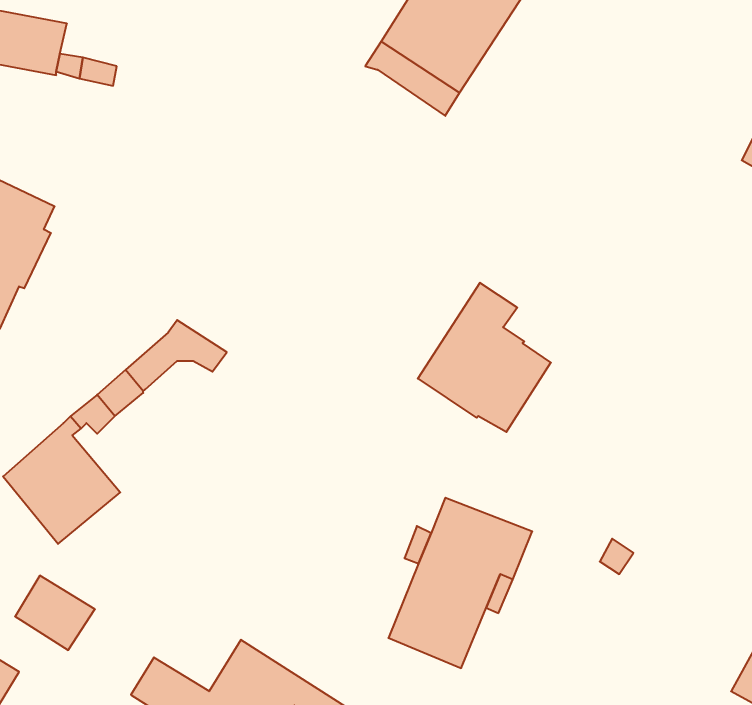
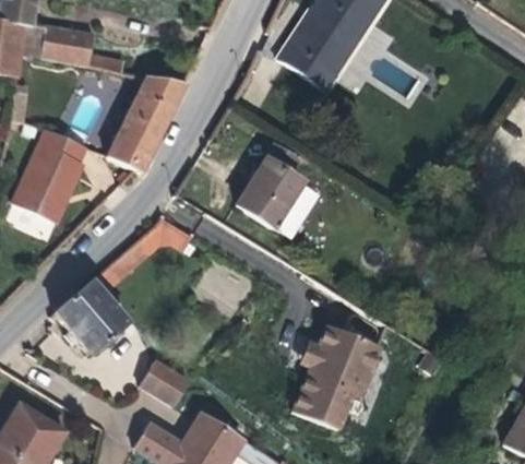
building: none -> [108,75,187,172]
building: [418,283,551,432] -> [238,145,320,237]
building: [15,576,95,650] -> [141,360,190,406]

